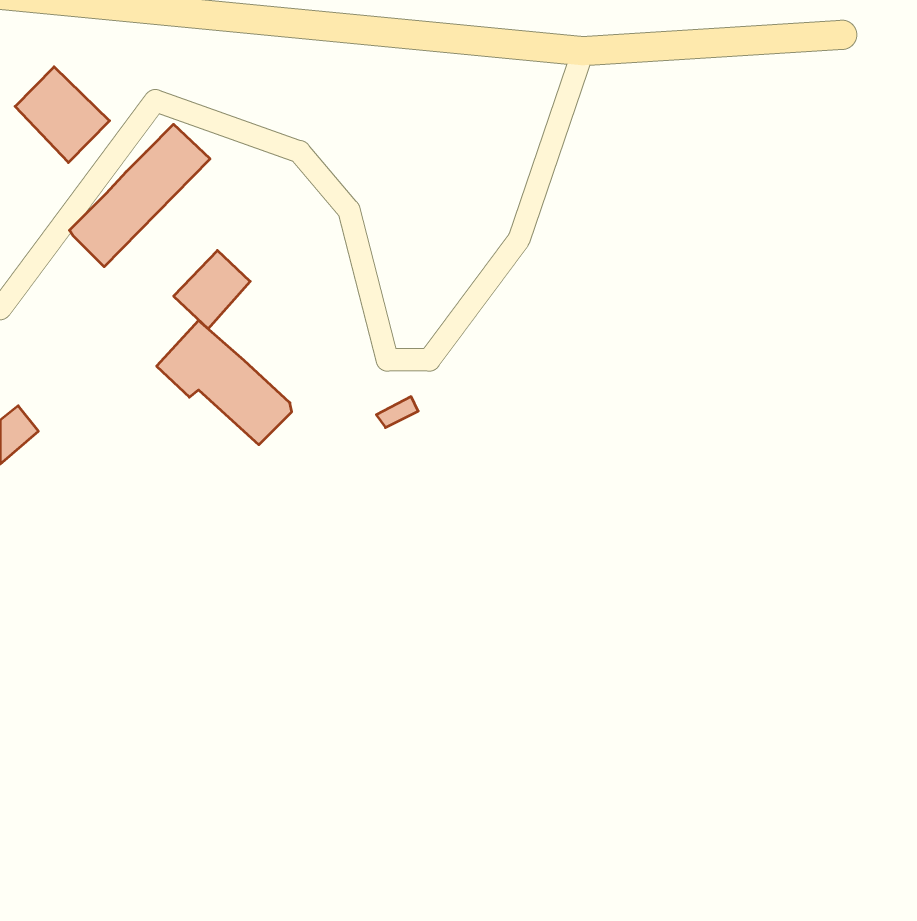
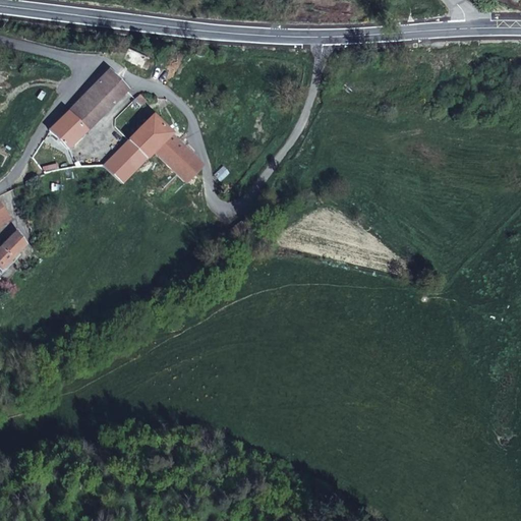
building: [15,67,110,163] -> none
building: [157,320,292,445] -> [130,114,206,183]

